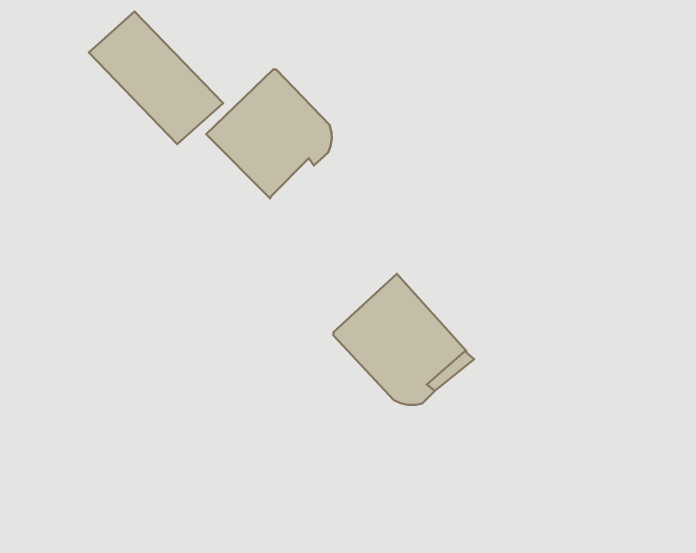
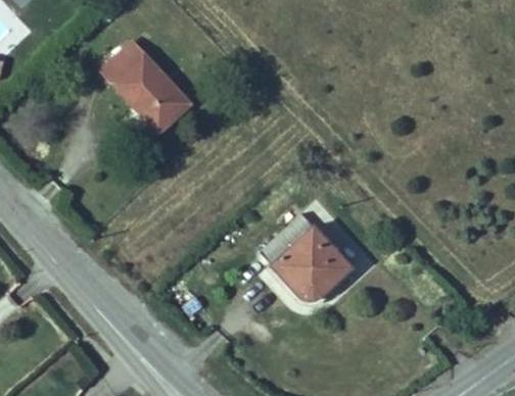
building: [206,69,332,198] -> none

